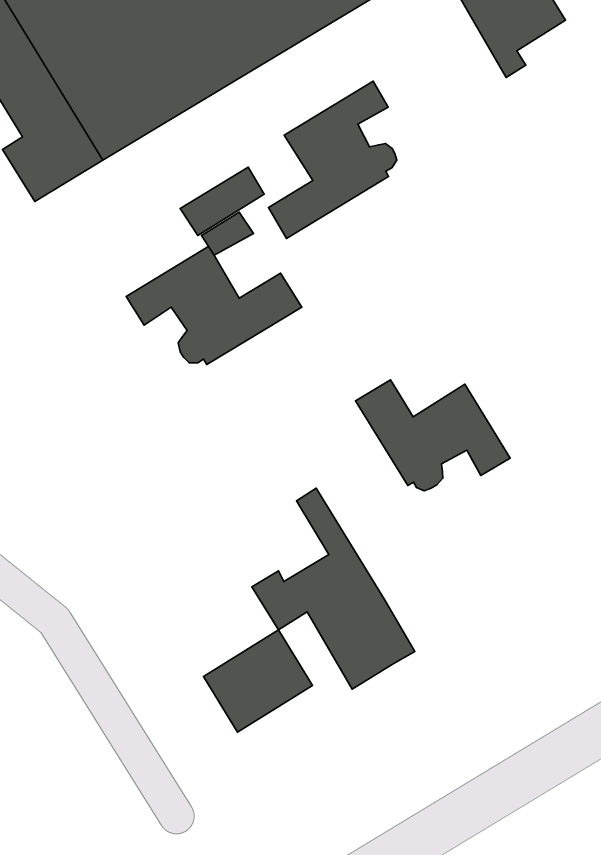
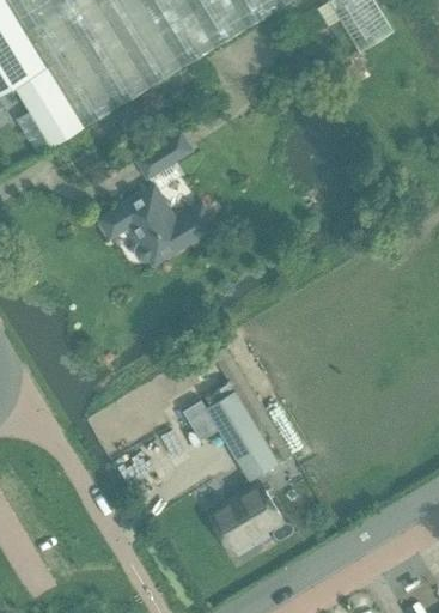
building: [268,81,397,239] -> none
building: [356,380,510,491] -> none
building: [203,630,313,732] -> [209,482,282,551]

